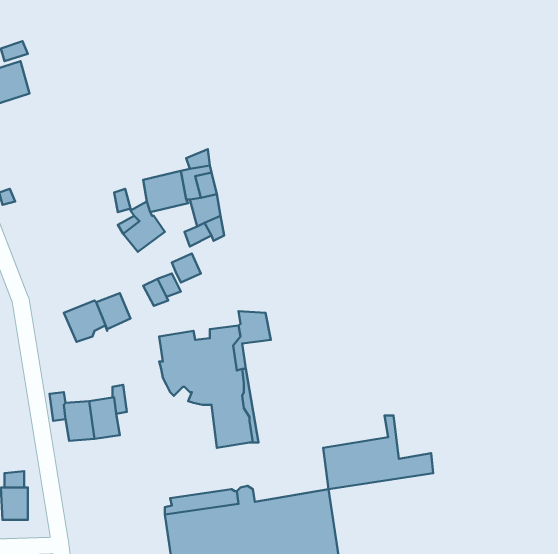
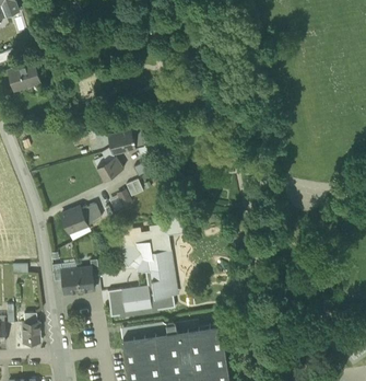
building: [323,416,433,489] -> [108,273,175,318]

